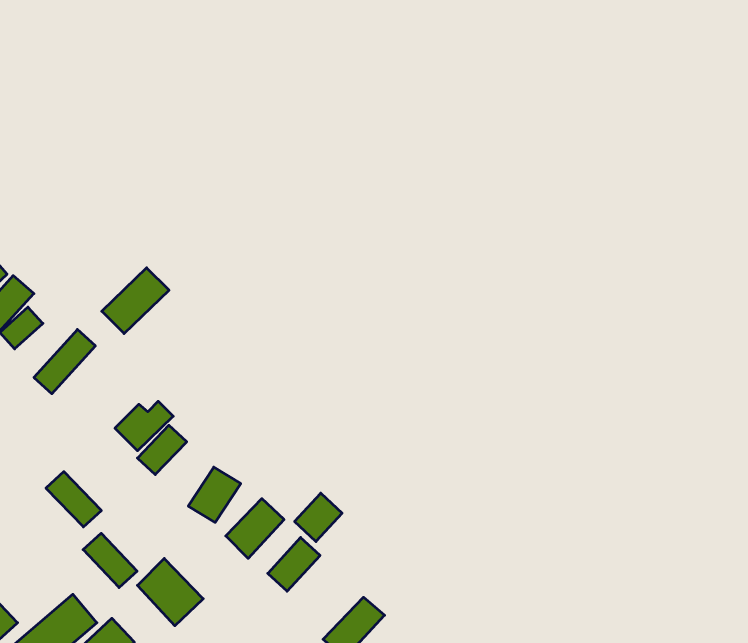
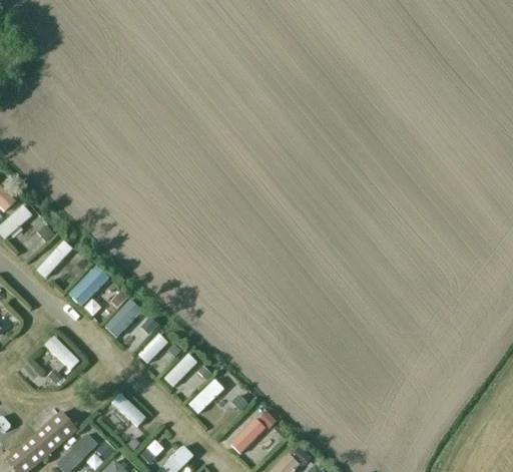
building: [102,268,169,334] -> [66,261,111,305]
building: [295,493,342,542] -> none
building: [83,533,137,588] -> none

